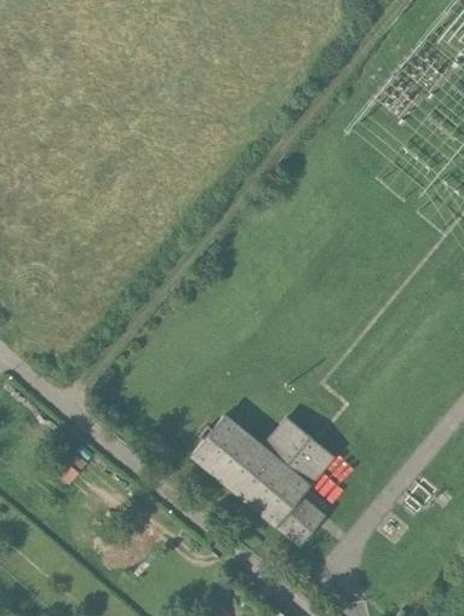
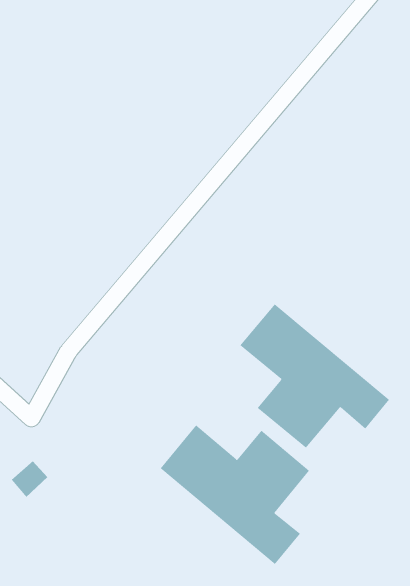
building: none -> [239,303,390,449]

